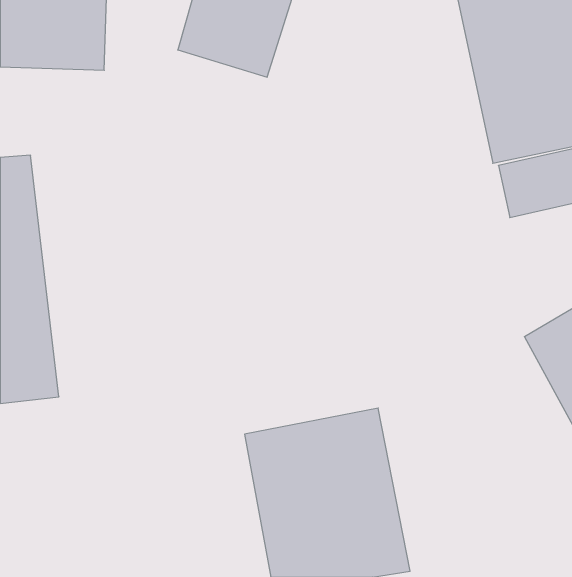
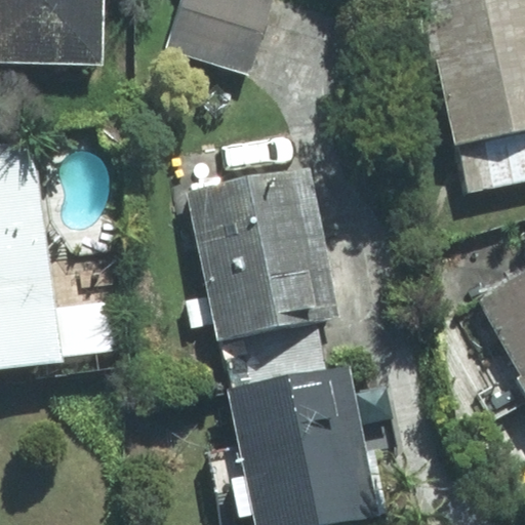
building: none -> [188,168,336,338]

